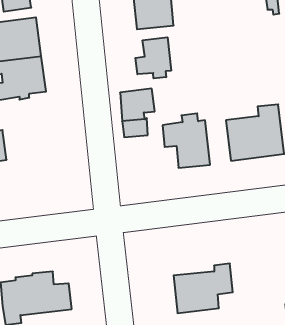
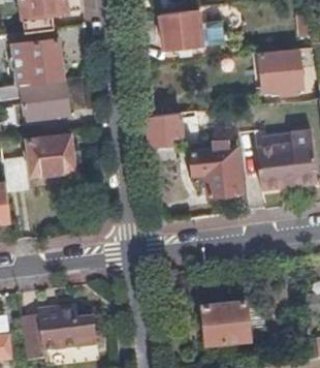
building: none -> [258,48,301,95]
building: [135,37,171,78] -> none
building: none -> [25,133,74,174]

